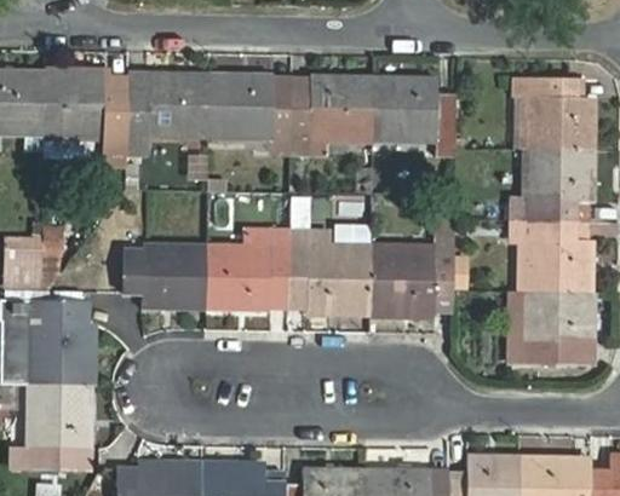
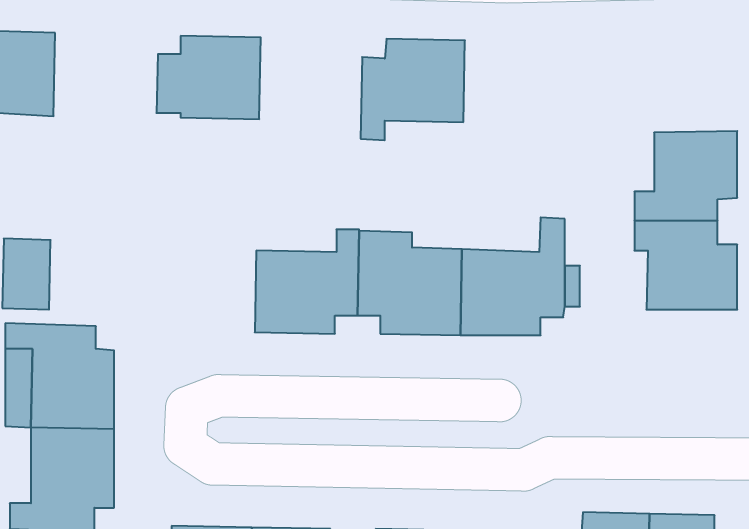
building: [44,69,127,166] -> none
building: [208,73,291,154] -> none
building: [372,75,455,157] -> none
building: [515,76,591,149] -> none
building: [124,242,206,308] -> none
building: [518,290,591,365] -> none

